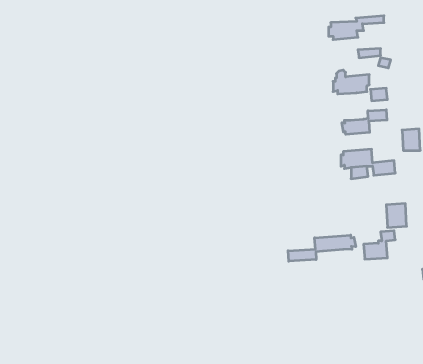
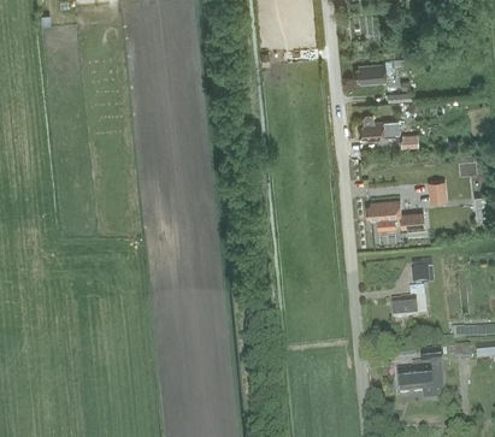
building: [342,110,387,134] -> none
building: [288,235,356,261] -> none
building: none -> [396,349,443,392]

